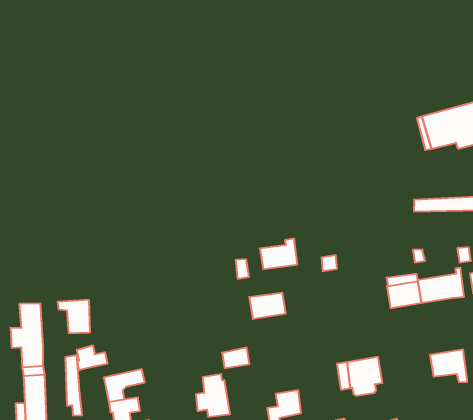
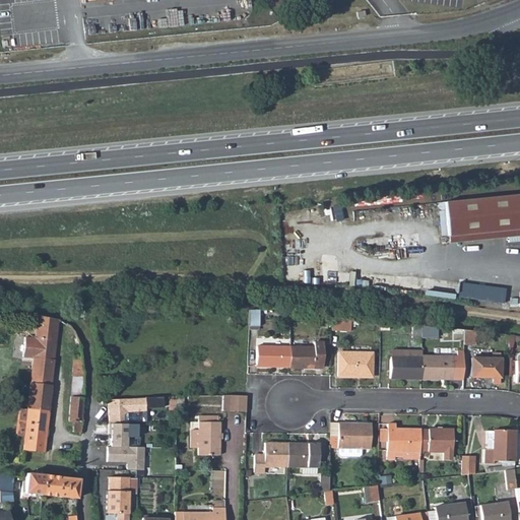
building: [260,239,297,269] -> [291,343,326,369]
building: none -> [342,348,374,377]
building: [58,300,90,333] -> none
building: [77,345,107,370] -> none
building: none -> [388,425,422,459]
building: none -> [290,444,324,467]

